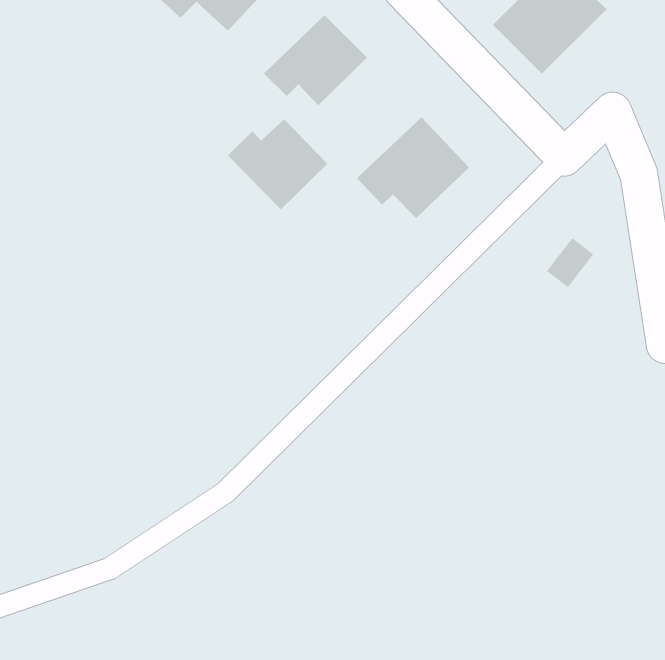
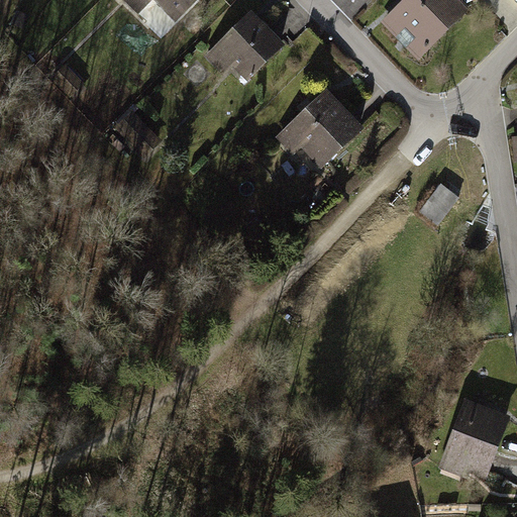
building: [227,119,328,210] -> none
building: none -> [435,393,509,479]

